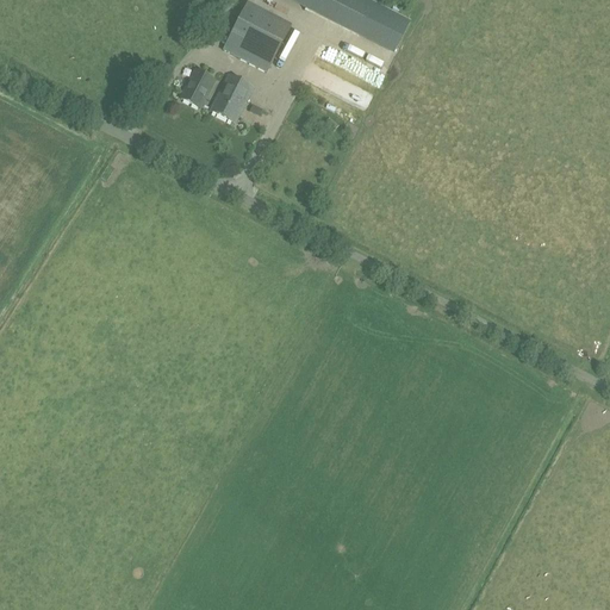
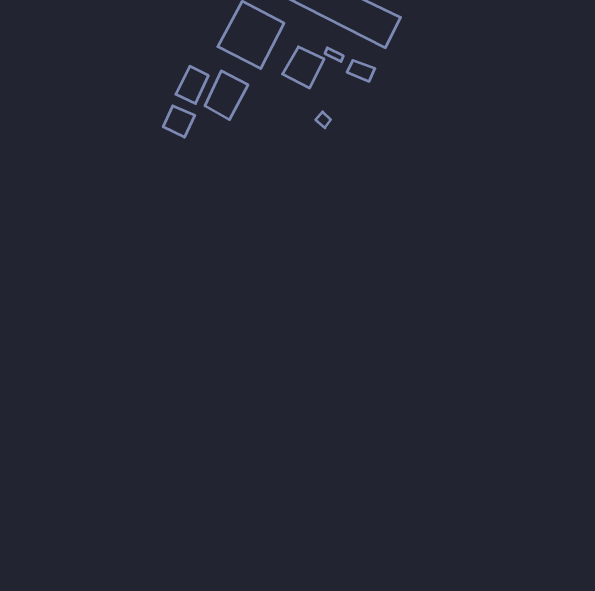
building: none -> [282,47,324,88]
building: none -> [163,106,195,137]

